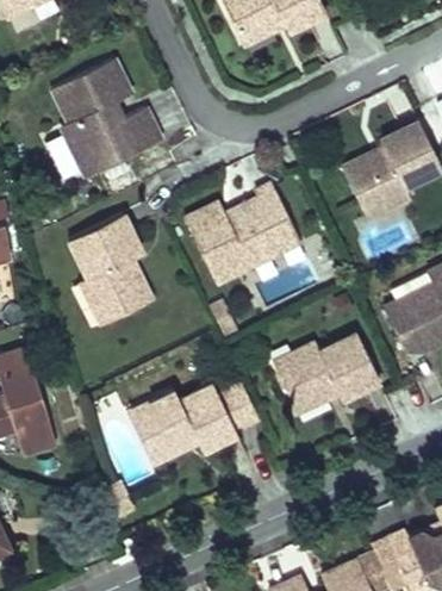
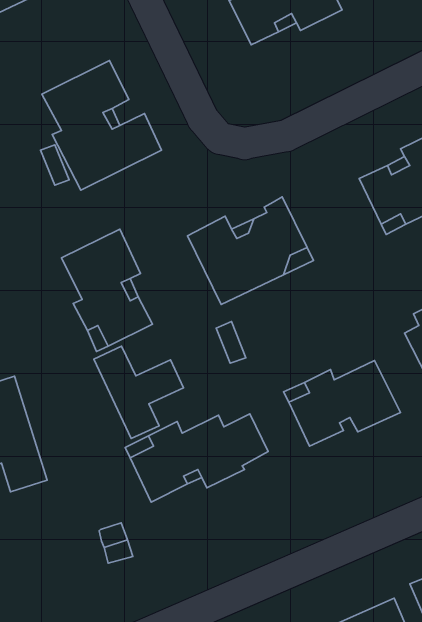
building: none -> [94,346,183,439]

